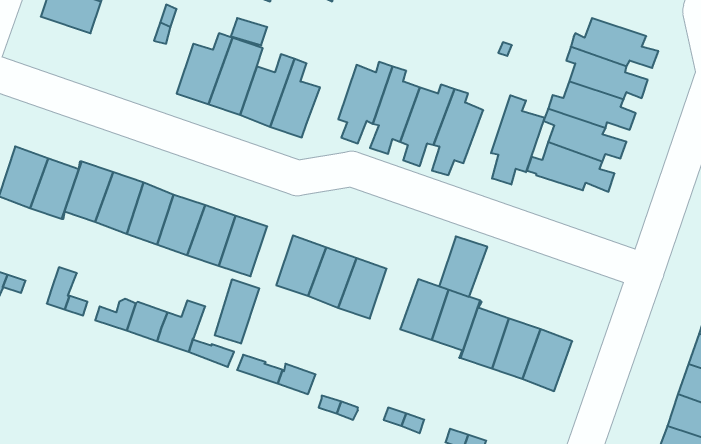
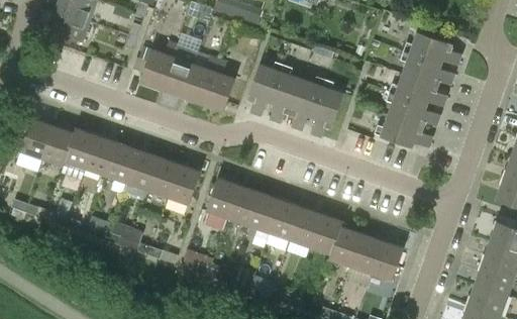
building: [491,95,545,185] -> none
building: [439,236,487,297] -> [269,200,301,240]
building: [215,279,259,344] -> none

